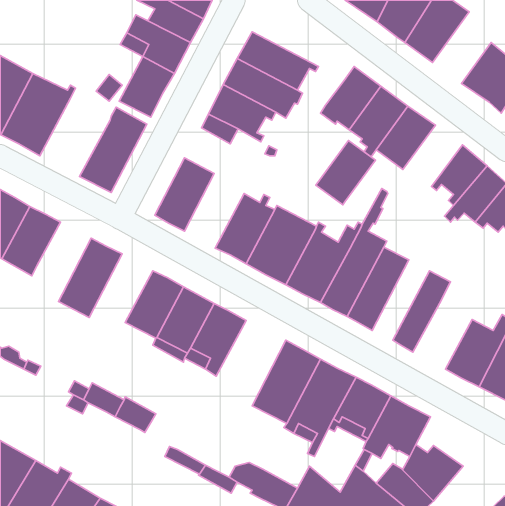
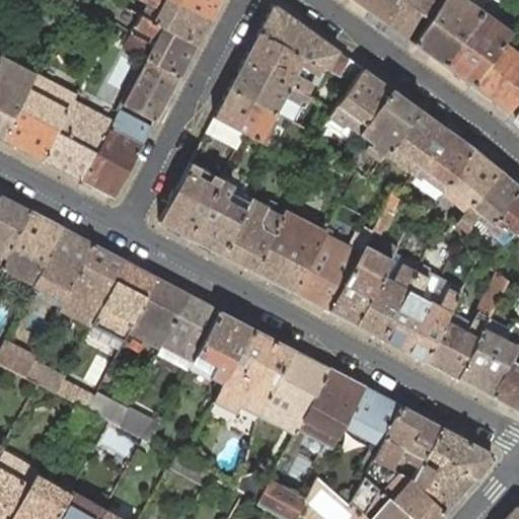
building: none -> [260,6,364,83]
building: none -> [444,13,511,86]
building: none -> [43,98,116,181]
building: [316,140,375,205] -> [414,129,474,195]
building: none -> [191,174,251,254]
building: none -> [34,228,95,301]
building: none -> [93,261,158,339]
building: none -> [382,267,441,349]
building: none -> [424,274,508,378]
building: none -> [215,328,294,416]
building: none -> [427,427,493,477]

